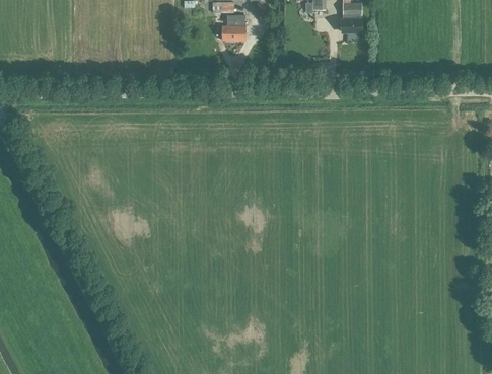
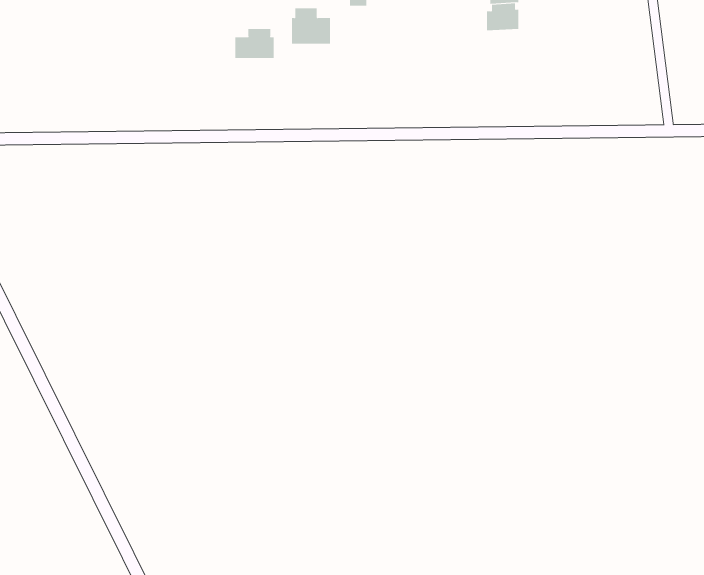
building: none -> [235,28,274,59]

